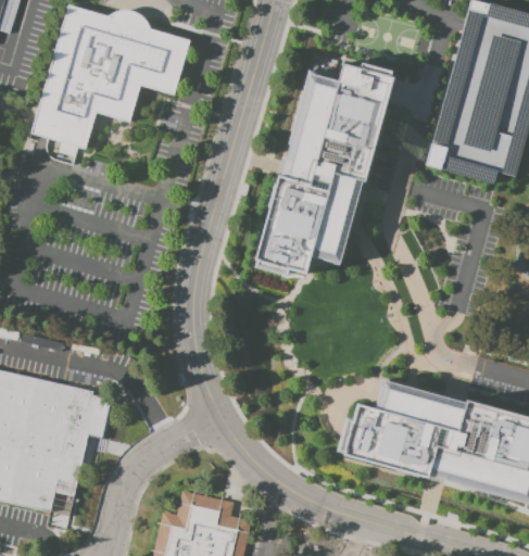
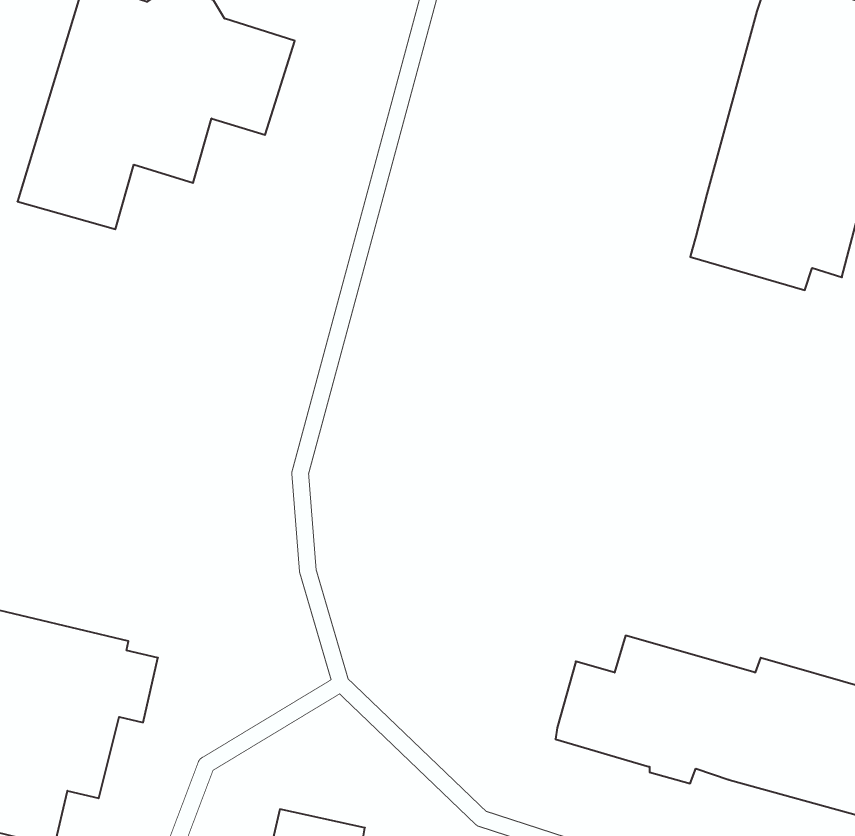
building: [255,56,395,275] -> none

